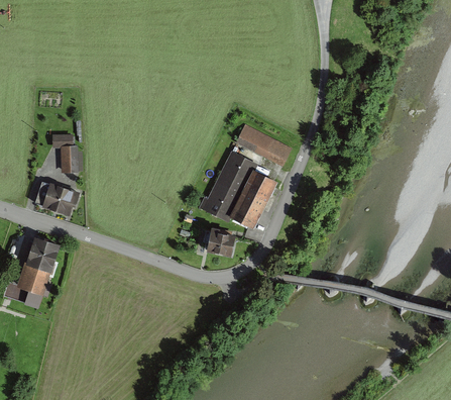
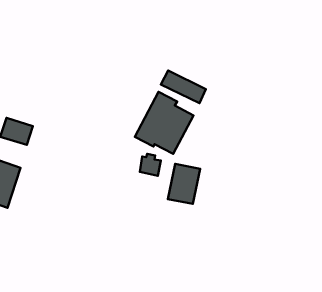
building: [59,145,82,174] -> none
building: none -> [168,164,200,204]

